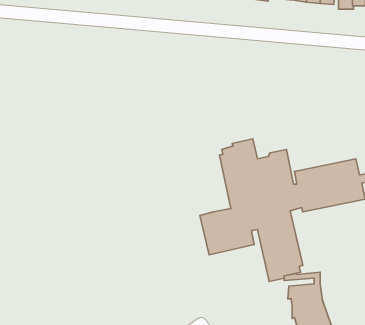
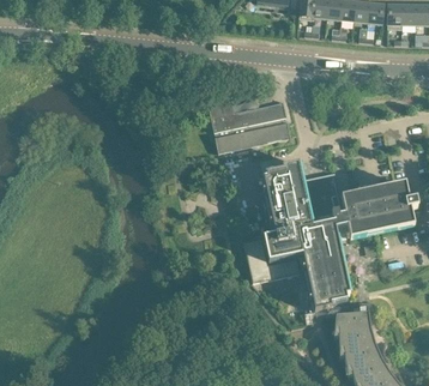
building: none -> [207,98,290,151]

